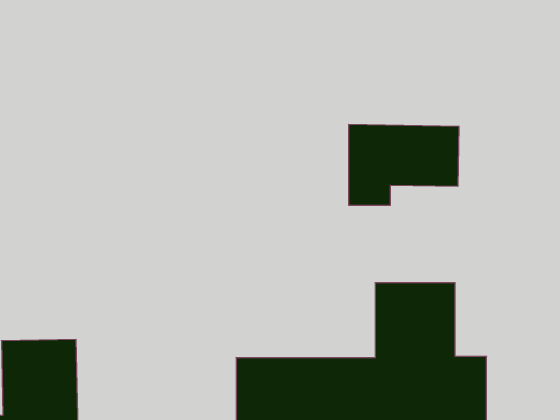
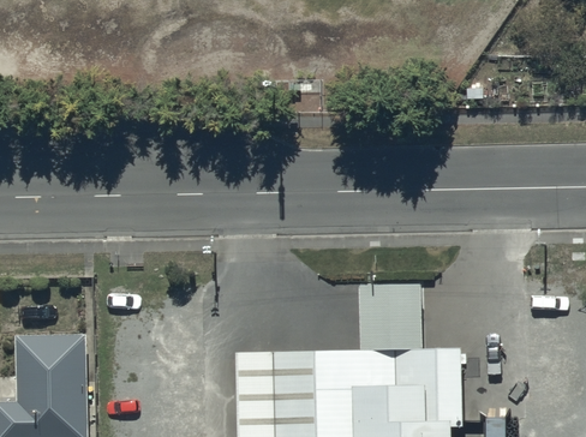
building: [349,124,459,205] -> none

